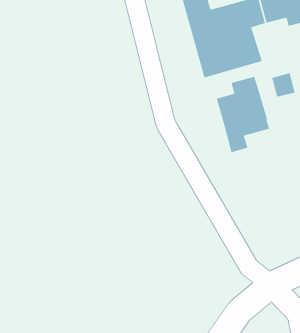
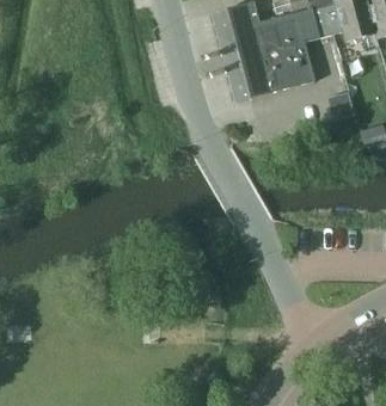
building: [216,76,270,153] -> none

